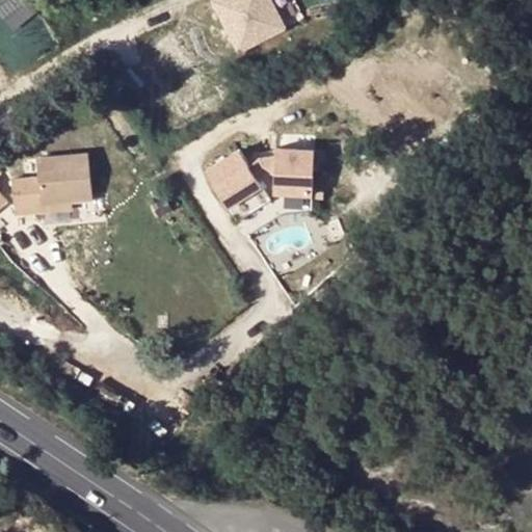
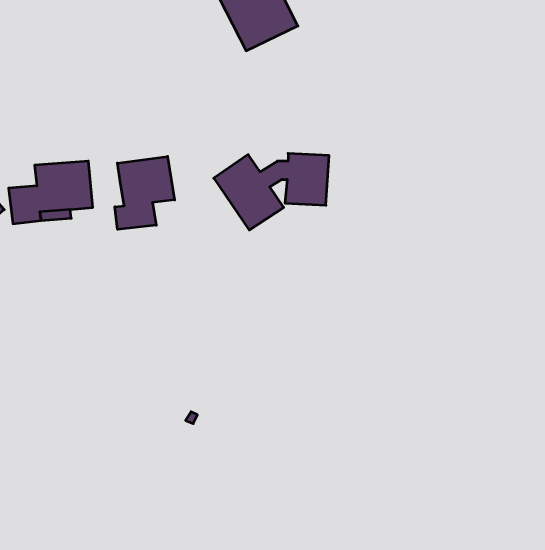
building: none -> [115,156,175,229]

